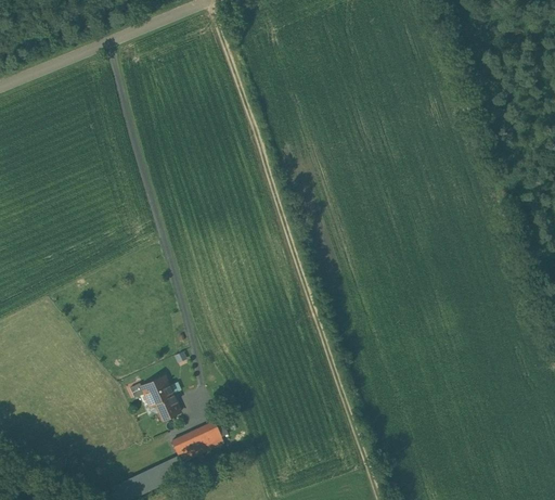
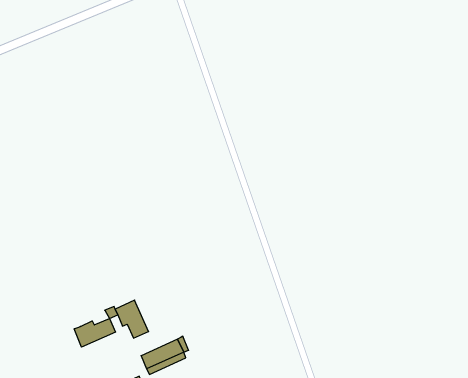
building: none -> [74,319,115,347]

